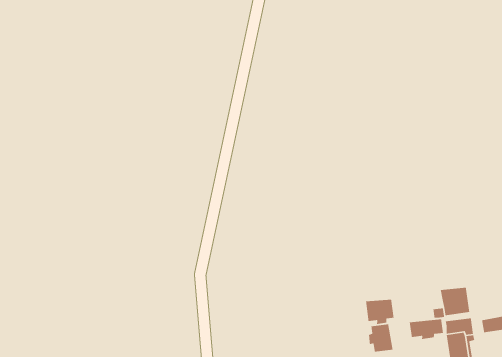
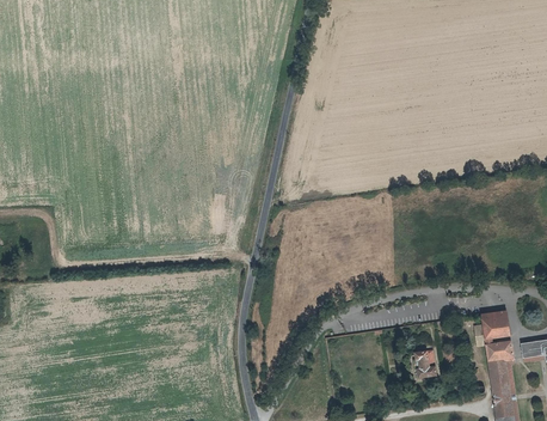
building: [365,299,394,325] -> none
building: [409,318,444,340] -> none

